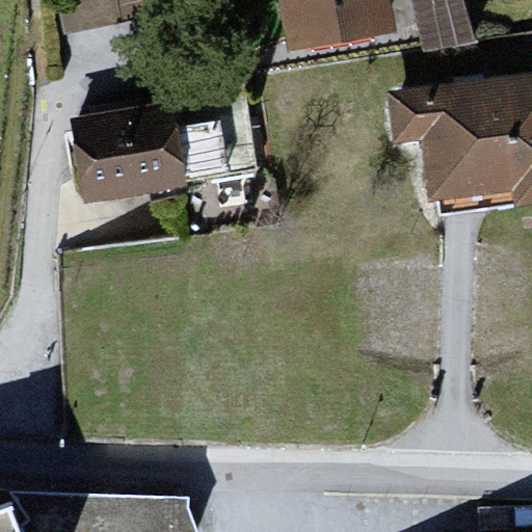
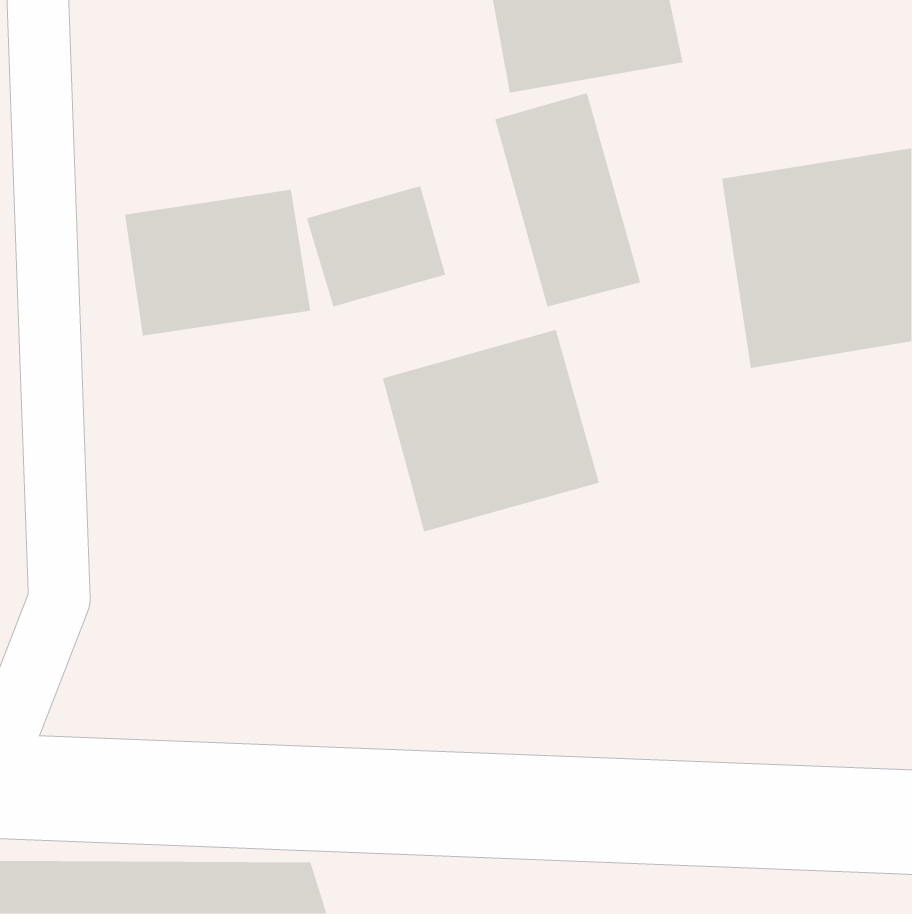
building: none -> [494,92,641,307]
building: none -> [382,329,600,533]

